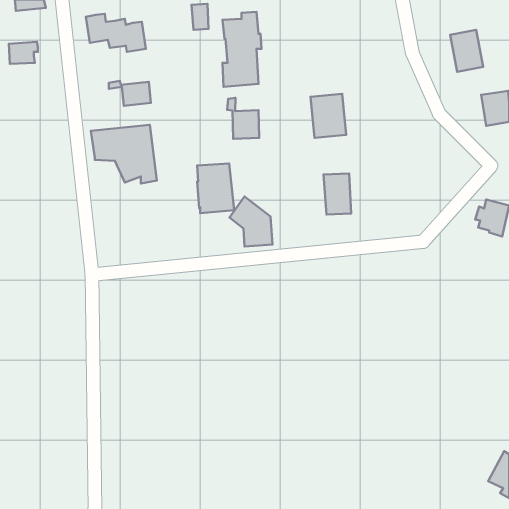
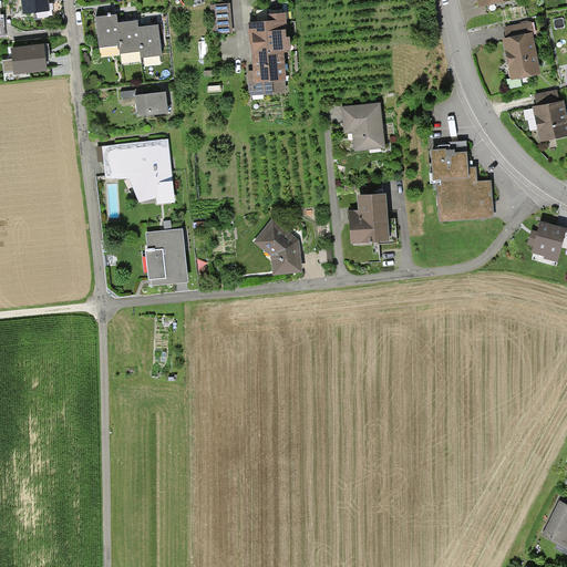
building: [227,98,259,139] -> none
building: none -> [434,147,492,218]
building: [197,163,234,213] -> [146,229,187,285]

